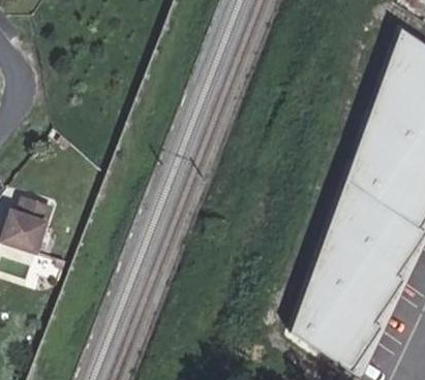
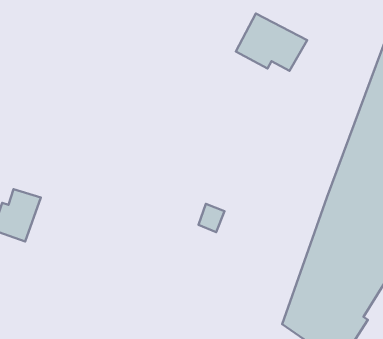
building: none -> [236,14,307,71]

